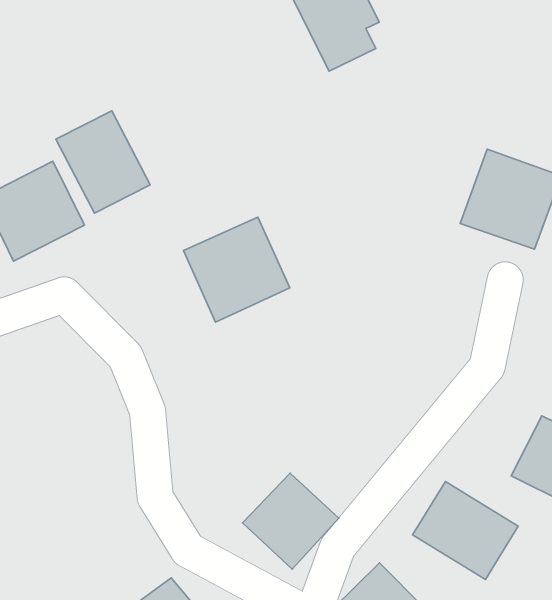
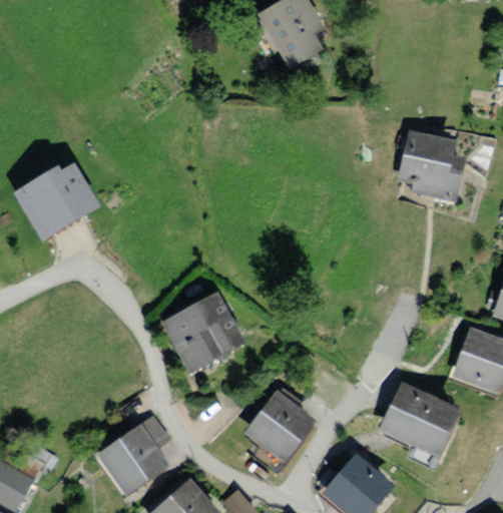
building: [56,111,150,213] -> none
building: [183,217,290,322] -> [160,290,246,375]
building: none -> [95,423,171,498]

